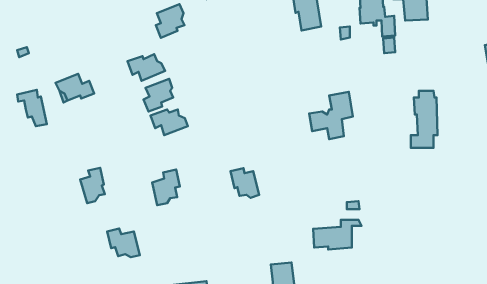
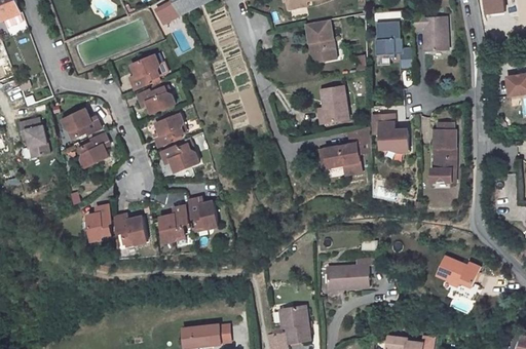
building: [156,4,184,38] -> [127,54,157,89]
building: none -> [317,84,347,122]
building: none -> [372,114,408,151]
building: none -> [77,132,108,167]
building: [231,168,259,198] -> [189,199,219,230]
building: none -> [434,255,478,286]
building: [107,228,140,257] -> [114,214,148,243]

